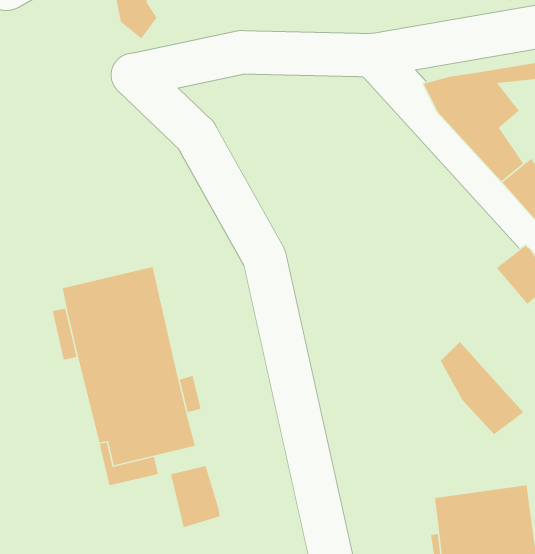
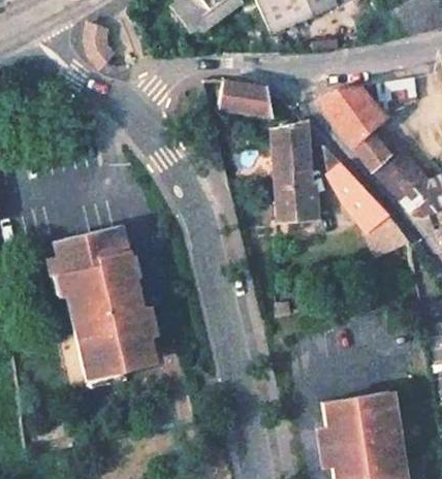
building: none -> [220,82,272,118]
building: none -> [271,120,319,225]
building: [440,341,524,435] -> [328,162,389,230]
building: [170,465,221,528] -> none

